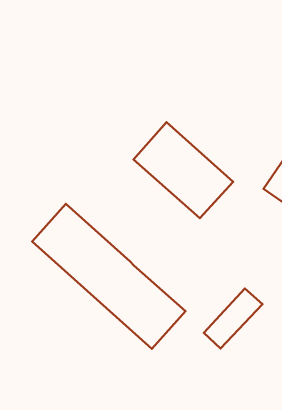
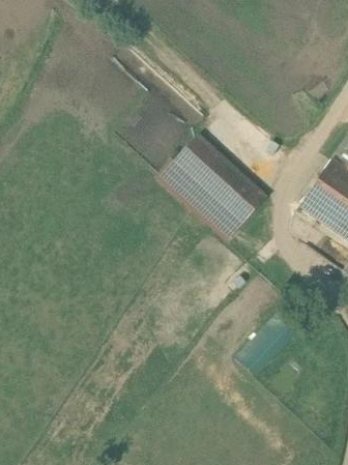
building: [32,204,185,349] -> none

